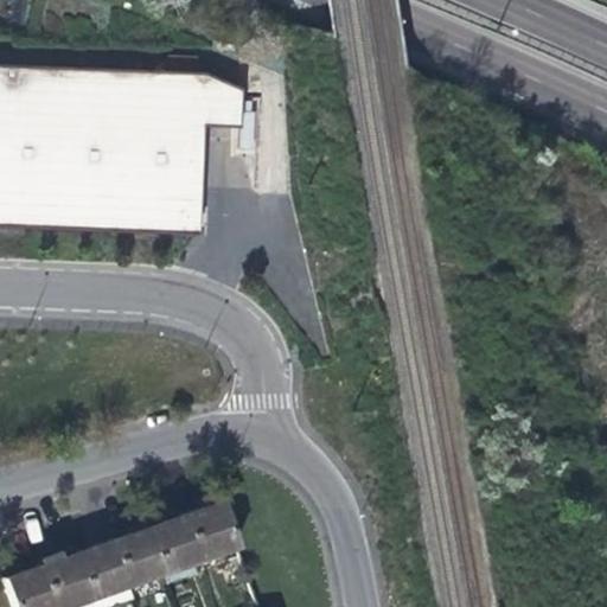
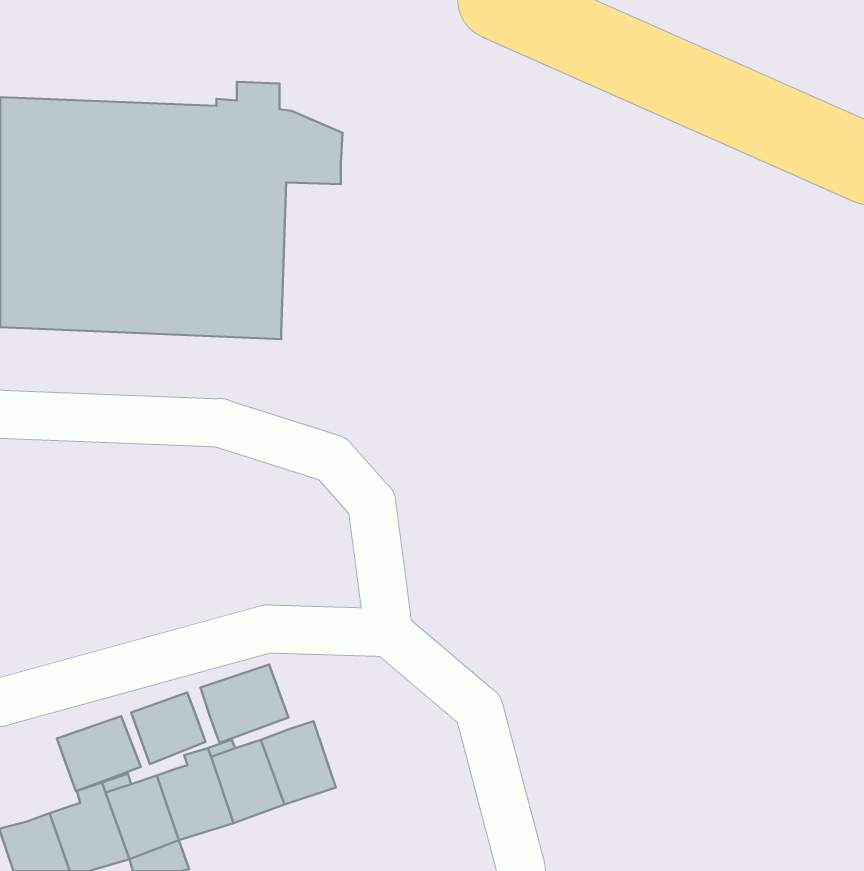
building: none -> [200,665,289,743]
building: none -> [131,693,206,764]
building: none -> [57,716,141,791]

